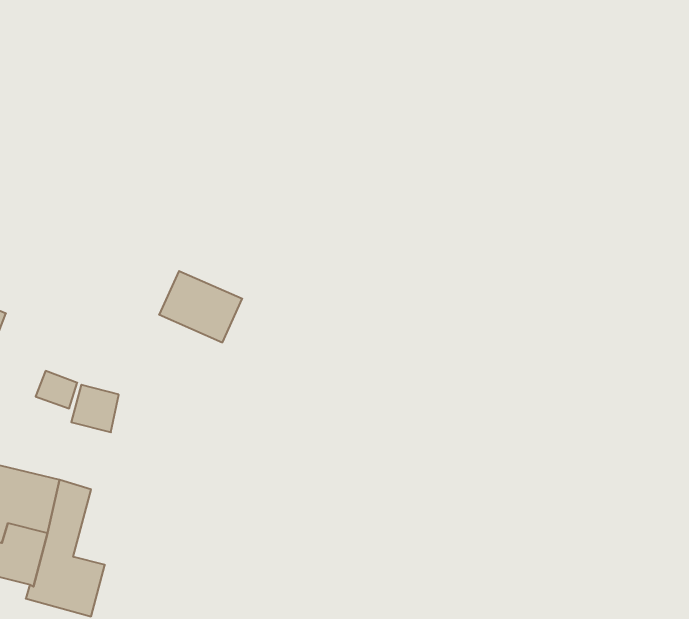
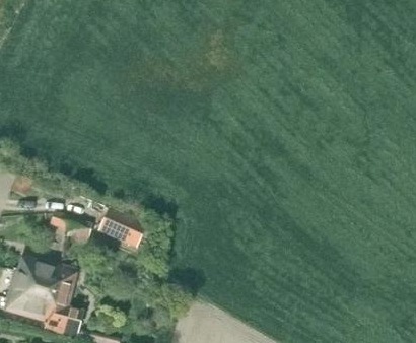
building: [159,271,242,342] -> [98,208,141,245]

